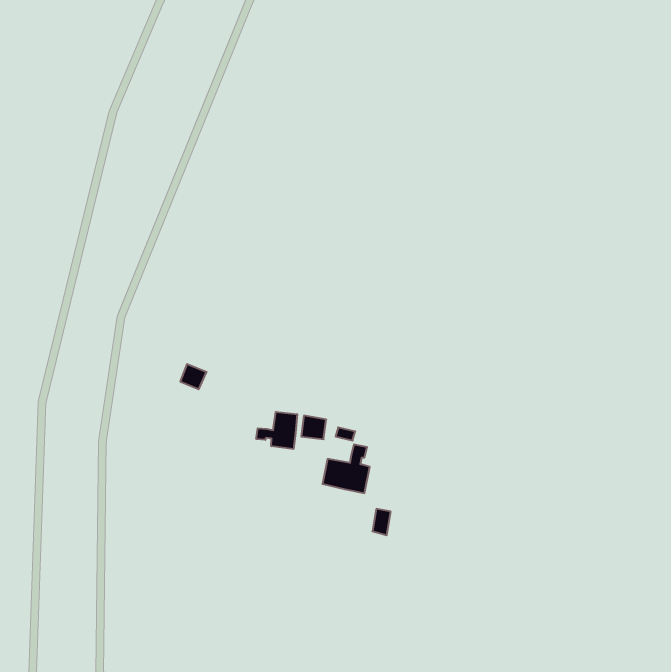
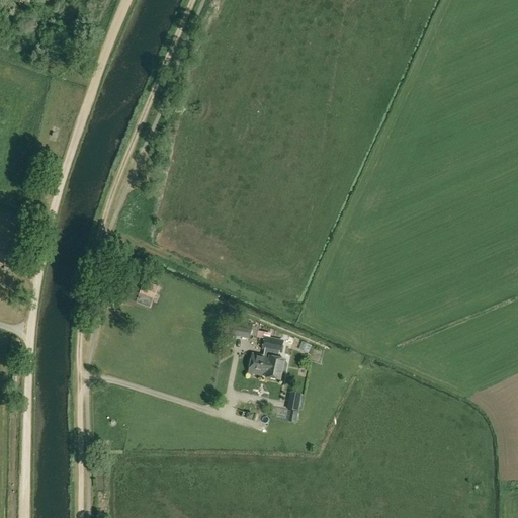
building: [256,412,297,449] -> none

